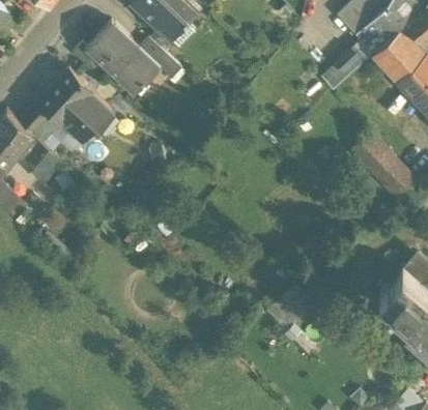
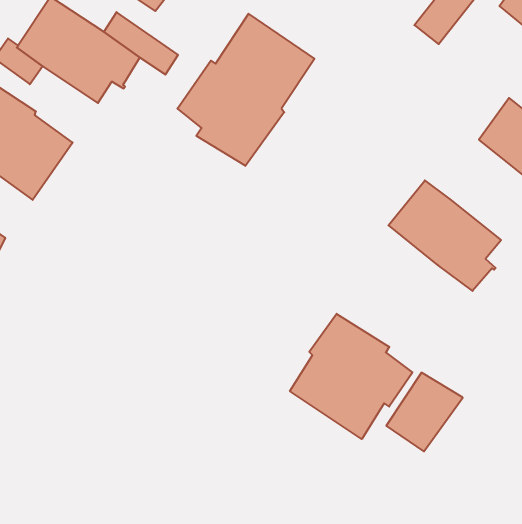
building: none -> [177,14,314,166]
building: none -> [388,180,501,291]
building: none -> [290,314,412,439]

